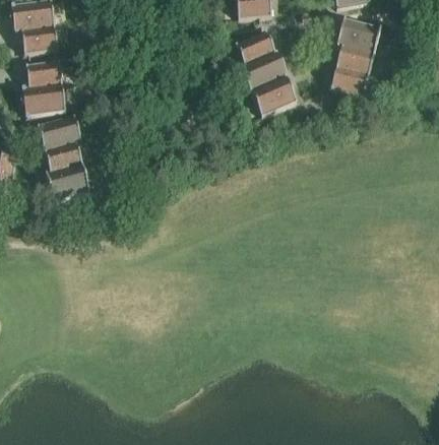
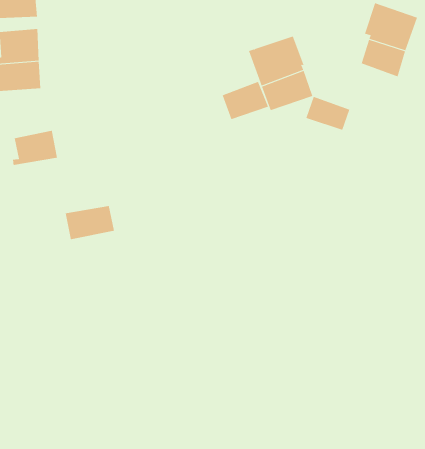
building: [235,27,275,62] -> [222,81,269,120]
building: [330,68,368,96] -> [305,96,350,130]
building: [37,113,81,152] -> none
building: [46,167,89,198] -> [65,205,115,240]

